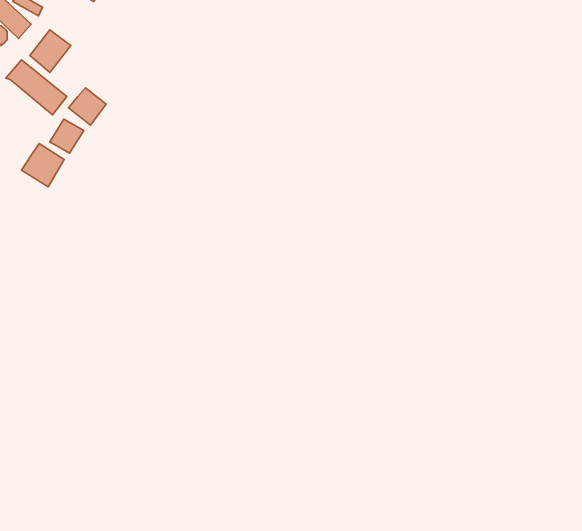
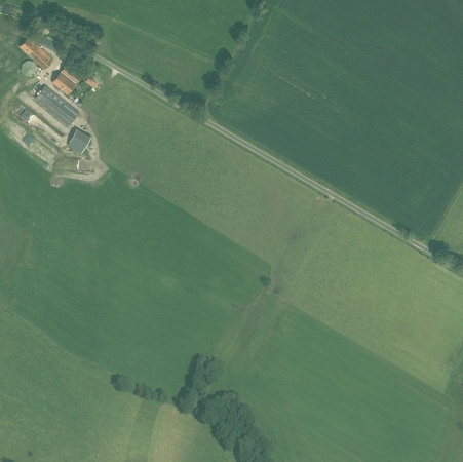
building: [69,88,106,125] -> none
building: [21,143,64,187] -> none

